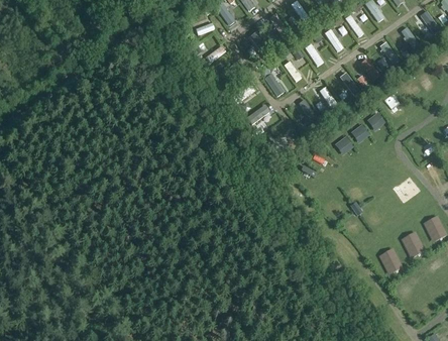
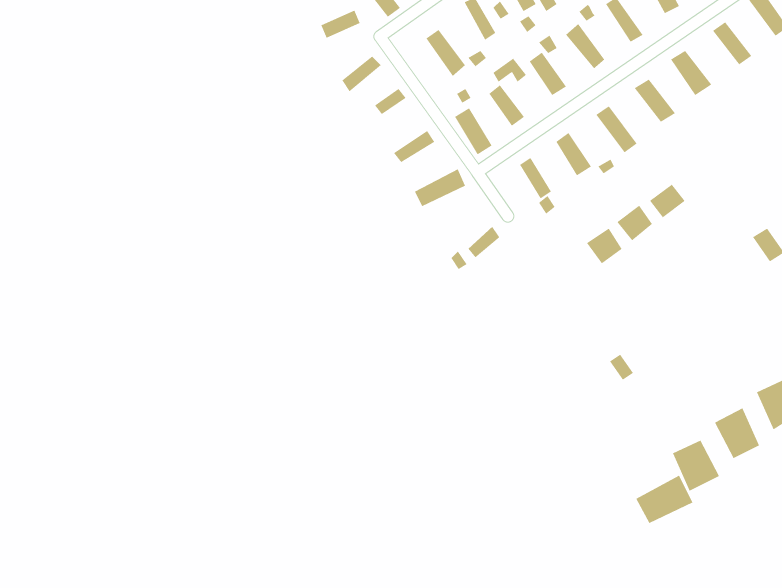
building: none -> [635,475,693,524]

